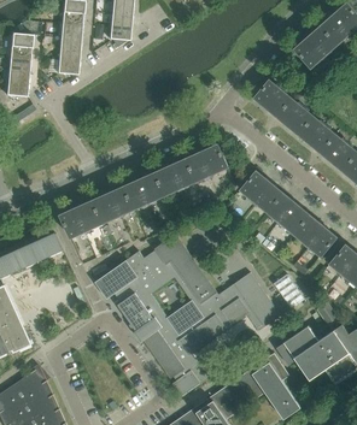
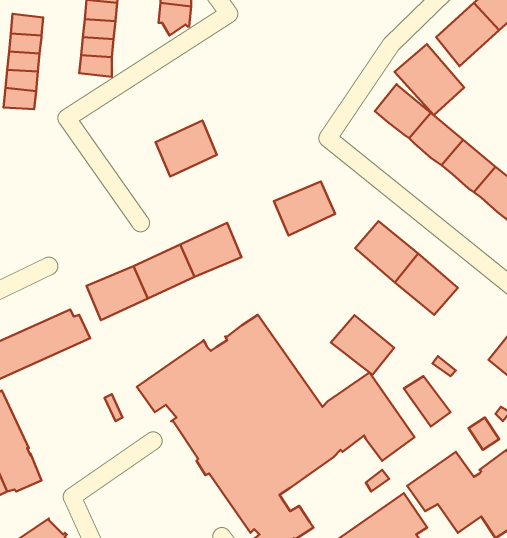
building: none -> [394,44,464,115]
building: [154,158,195,195] -> [156,120,217,176]
building: [293,216,335,255] -> [331,315,394,375]

